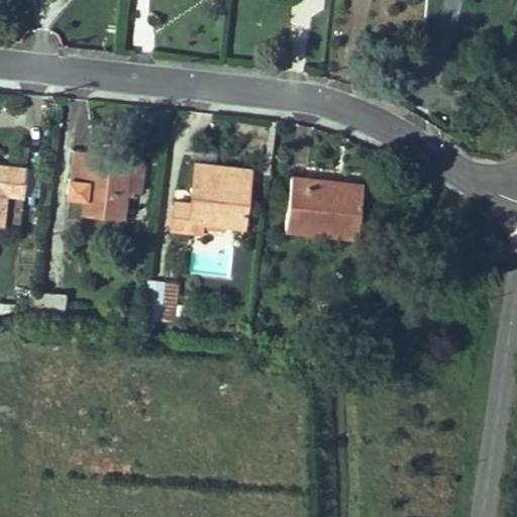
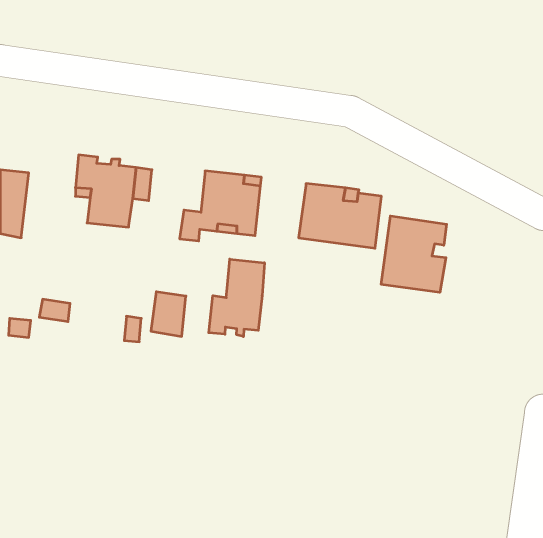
building: none -> [381,216,447,292]
building: none -> [209,259,264,337]

